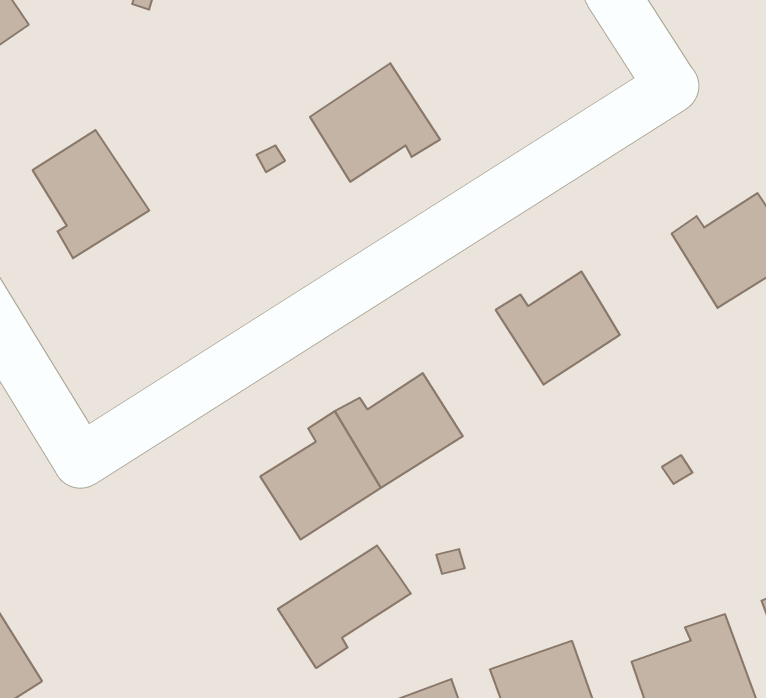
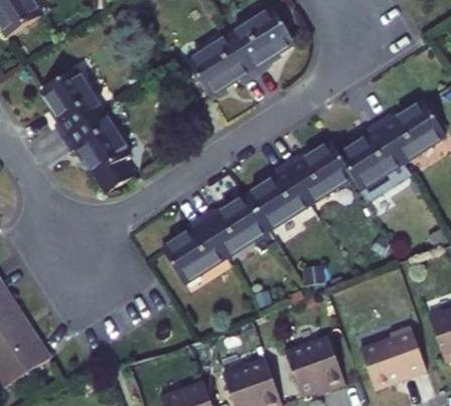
building: none -> [232,6,297,73]
building: none -> [64,111,135,193]
building: none -> [340,123,412,202]
building: none -> [249,163,312,229]
building: [278,545,411,668] -> none

